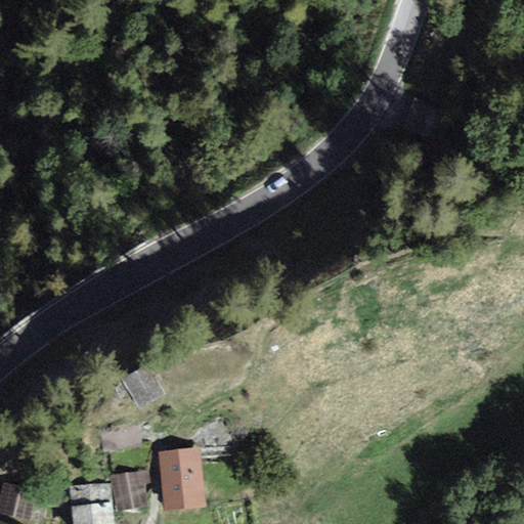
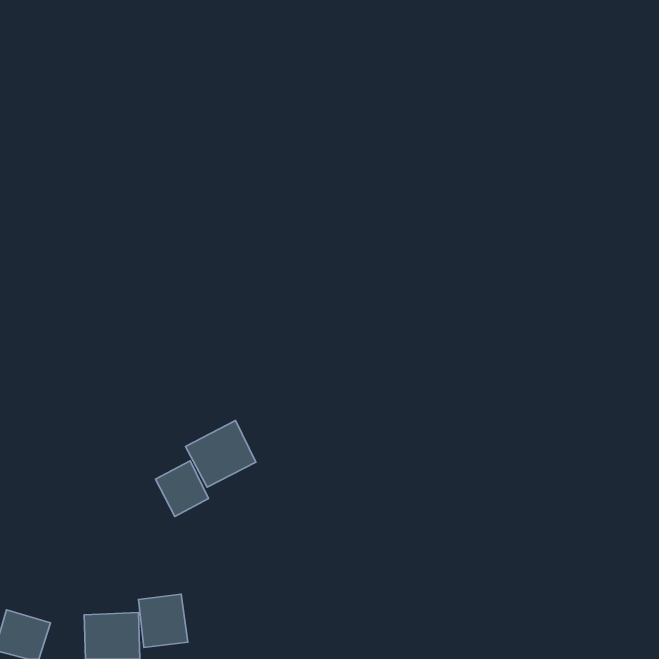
building: none -> [185,421,256,487]
building: [157,448,207,511] -> none

